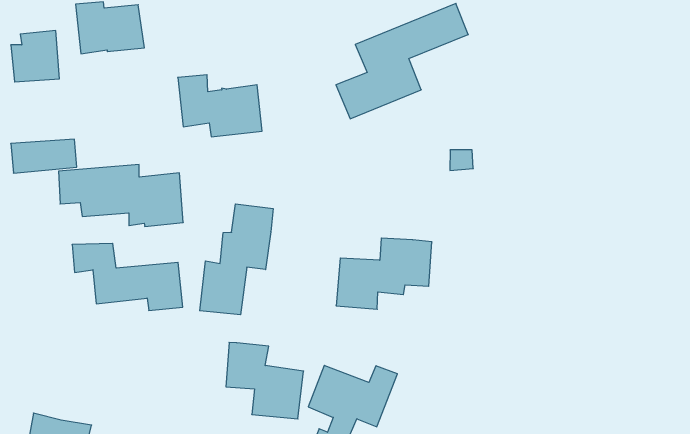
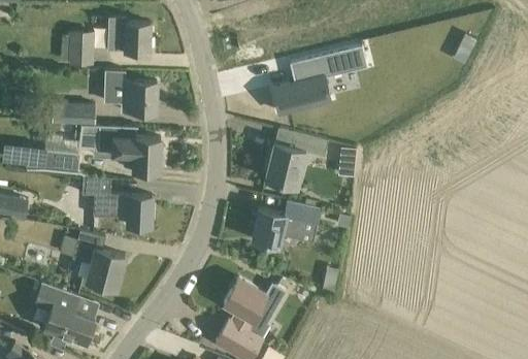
building: [178,75,262,137] -> [104,70,157,113]
building: none -> [265,132,328,187]
building: [200,204,273,315] -> none
building: none -> [42,152,78,171]
building: [226,342,304,419] -> [72,231,125,288]

